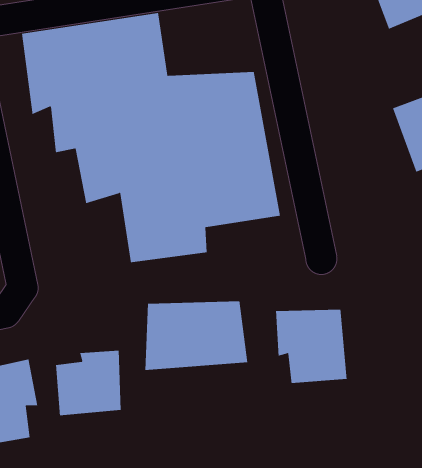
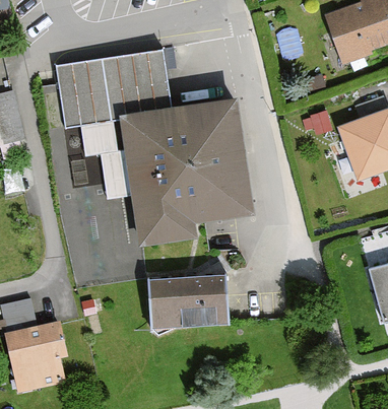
building: [276,309,347,384] -> none
building: [56,350,121,416] -> none

